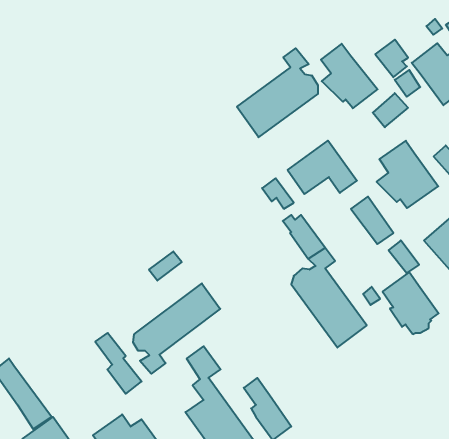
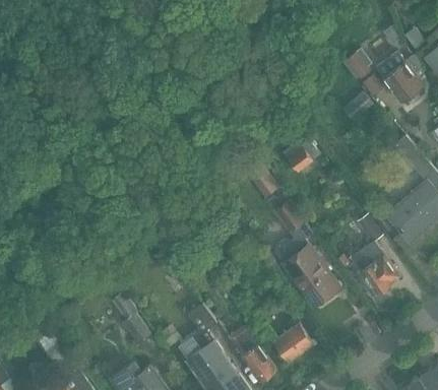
building: [321,44,378,108] -> none
building: [237,48,318,137] -> none
building: [377,141,438,208] -> none
building: [133,283,220,374] -> none
building: none -> [274,325,314,363]

